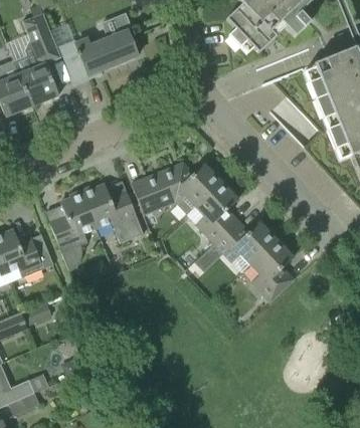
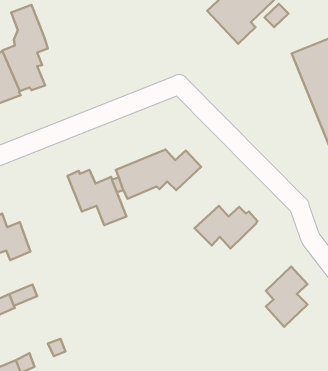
building: [59,13,139,85] -> none
building: [194,181,238,244] -> none
building: [50,190,97,271] -> none
building: [250,240,294,302] -> [266,267,308,327]

